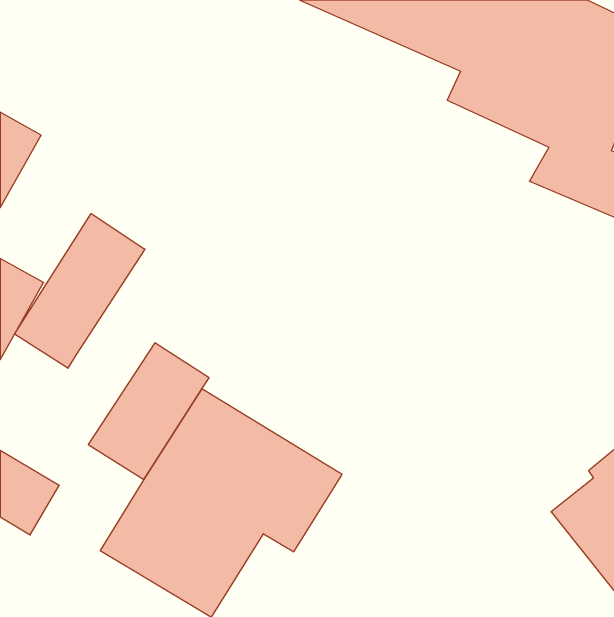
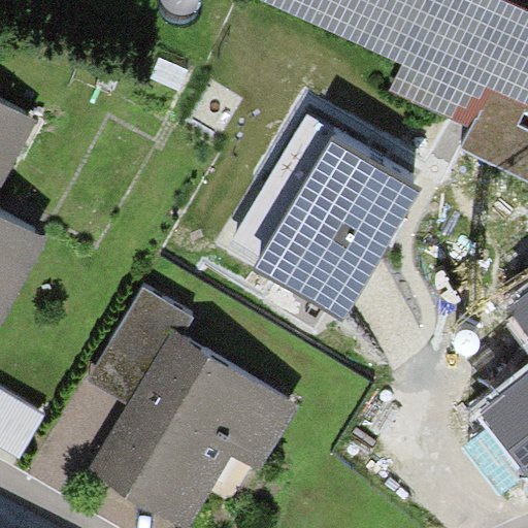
building: none -> [238,107,426,302]
building: [15,214,145,368] -> none

